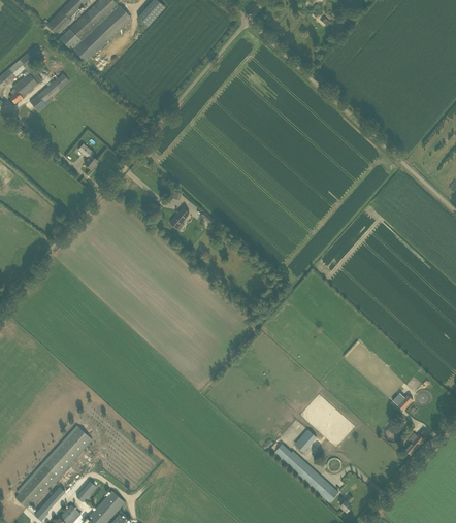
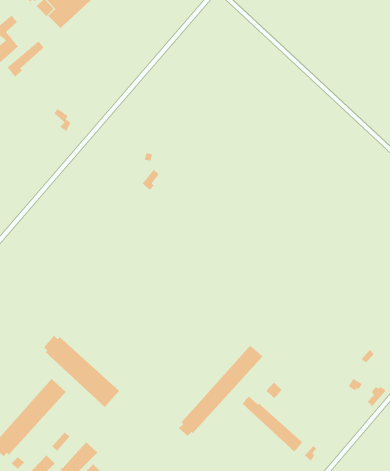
building: none -> [43,335,120,408]
building: none -> [178,345,263,437]

